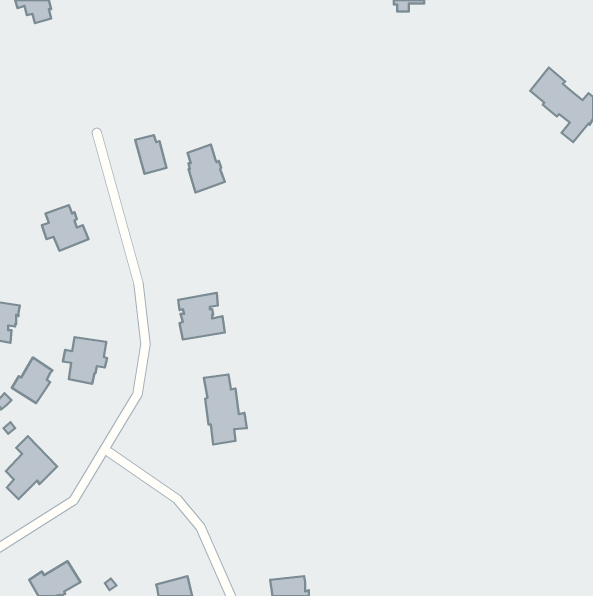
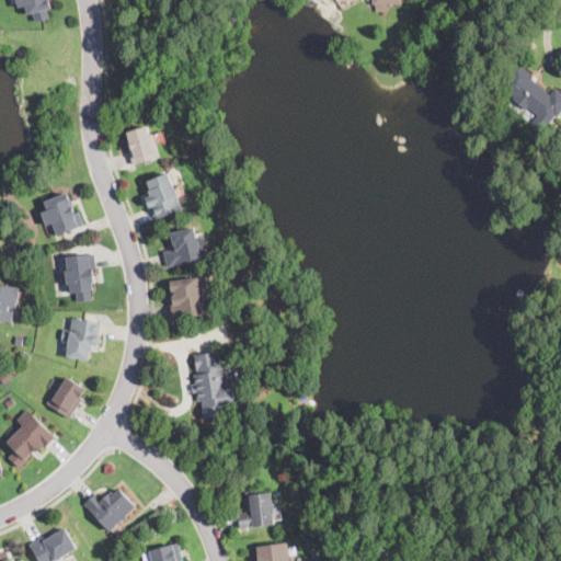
building: [187,145,225,192] -> [146,173,181,218]
building: none -> [163,227,199,265]
building: none -> [65,254,94,302]
building: [12,358,52,403] -> [45,376,83,419]
building: none -> [82,488,135,530]
building: none -> [237,490,273,528]

